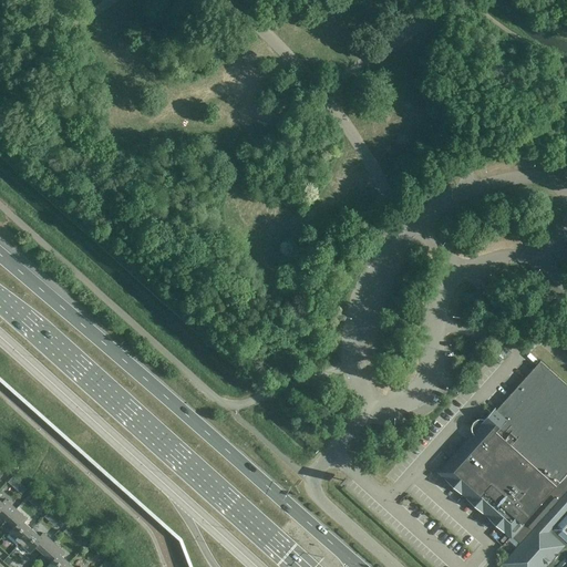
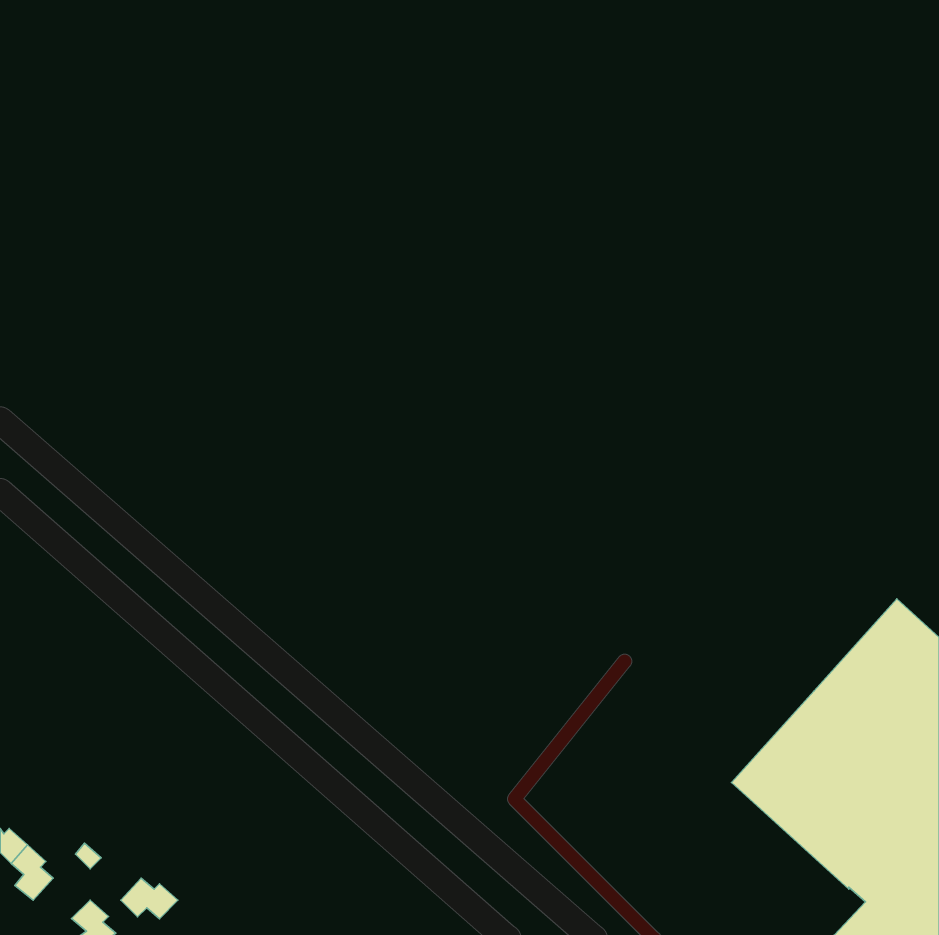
building: [20,532,54,556] -> [121,878,178,919]

